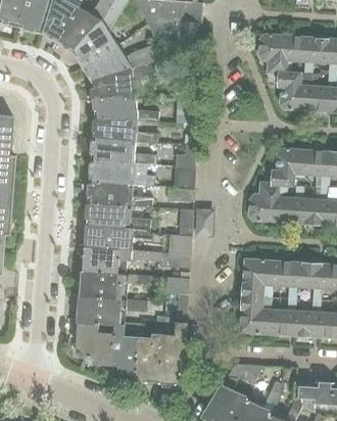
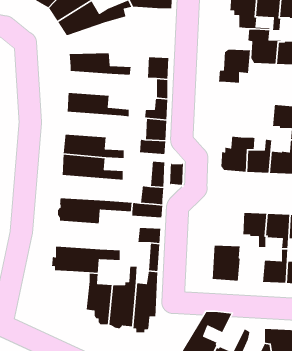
building: [92,60,157,98] -> none
building: [93,116,156,142] -> none
building: [272,149,310,185] -> [218,49,256,84]
building: [90,158,153,185] -> none
building: [85,224,150,249] -> none
building: [243,260,280,296] -> none
building: [79,271,149,299] -> none
building: [269,298,297,334] -> none
building: [75,322,114,365] -> none

